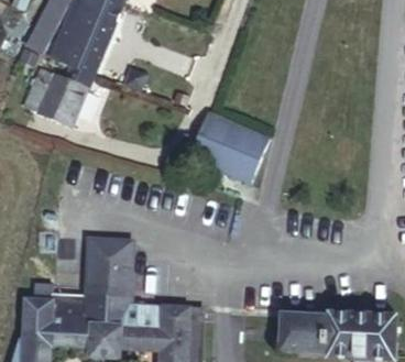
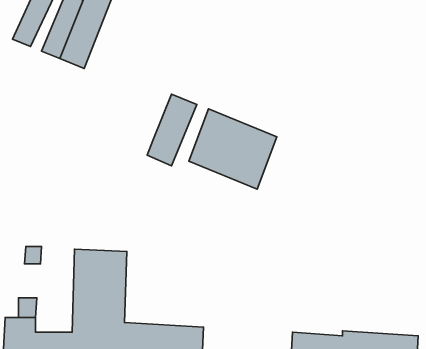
building: [25,64,95,124] -> none
building: none -> [147,94,197,166]

